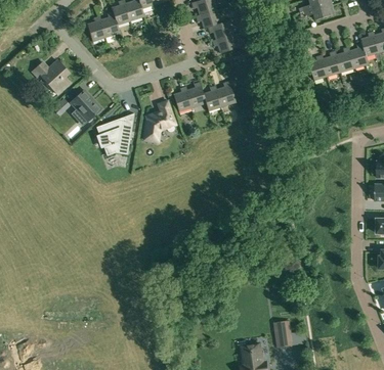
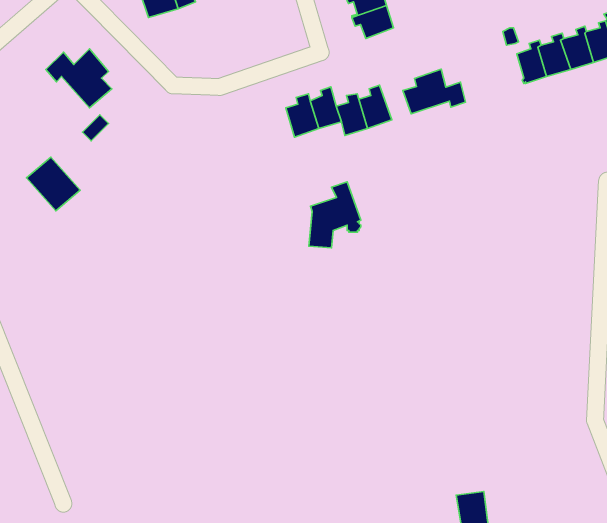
building: none -> [403,69,465,114]
building: [70,89,101,121] -> [26,157,80,211]
building: [144,101,175,140] -> [309,182,361,248]
building: [96,112,134,154] -> none

